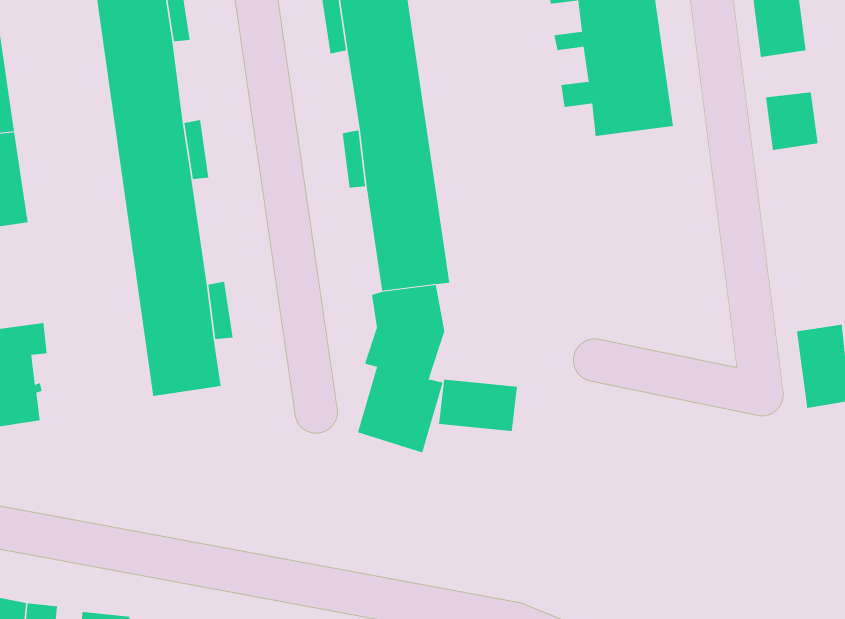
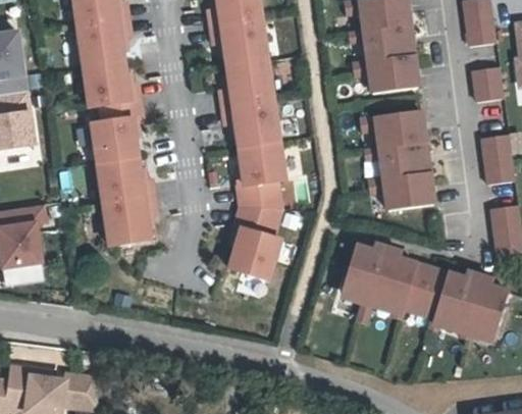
building: none -> [359,109,433,210]
building: none -> [481,134,515,184]
building: [438,379,517,432] -> none
building: none -> [342,244,508,340]

